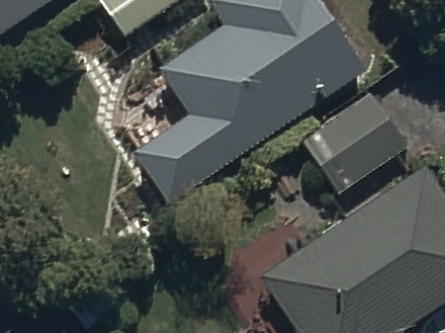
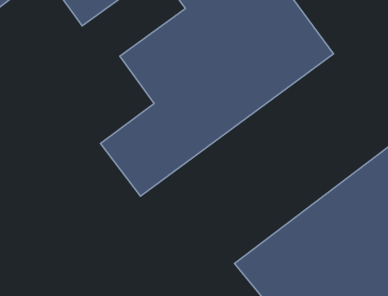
building: [300,89,406,189] -> none

